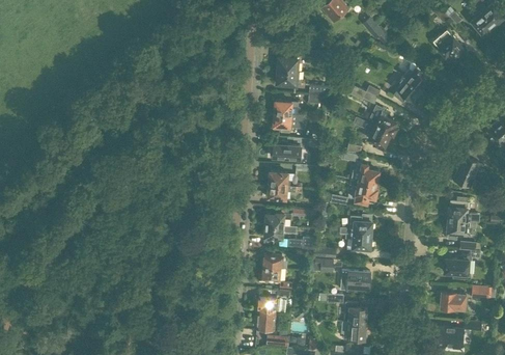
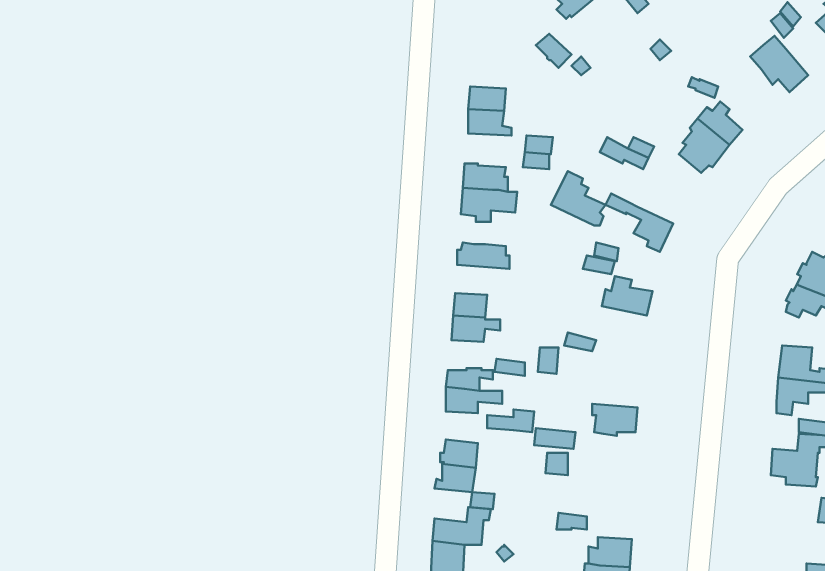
building: [366,102,396,132] -> [551,171,605,225]
building: [349,178,376,201] -> none
building: [339,213,371,234] -> none
building: [340,268,369,290] -> none
building: [440,290,466,307] -> none

